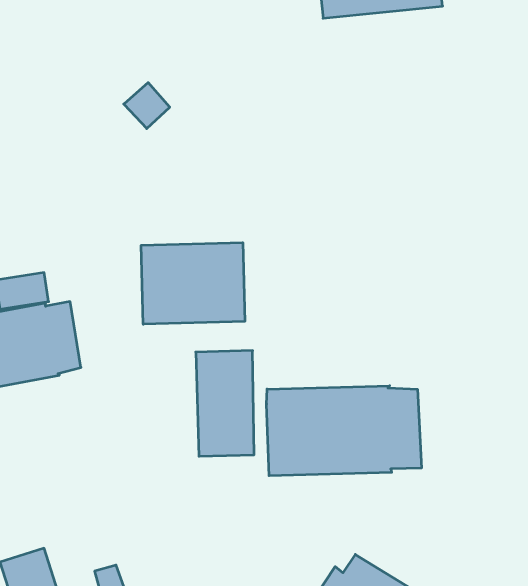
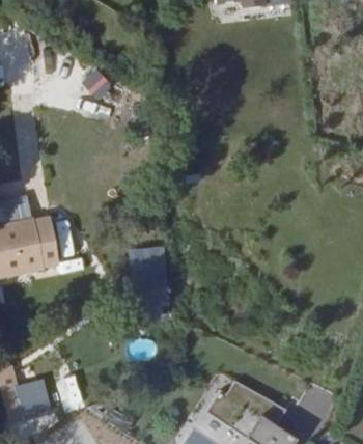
building: [141,243,245,324] -> none
building: [267,386,421,476] -> none

